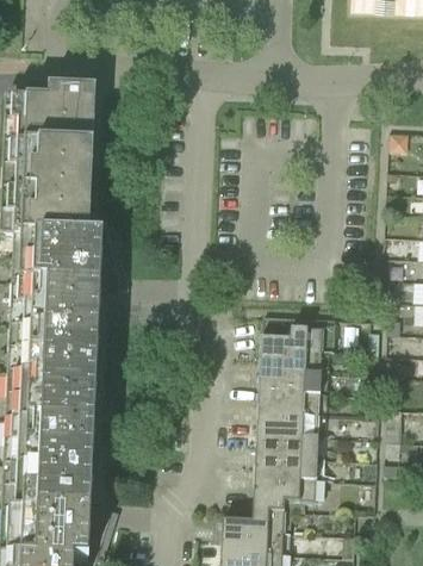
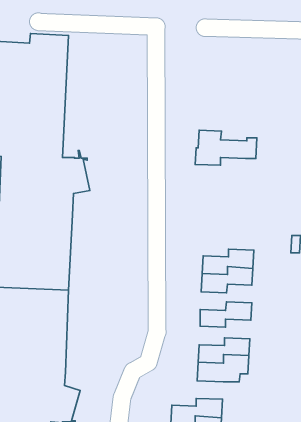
building: [260,316,335,359] -> [195,130,257,165]
building: [256,392,319,424] -> none
building: [255,435,318,467] -> none
building: [222,510,285,541] -> none

